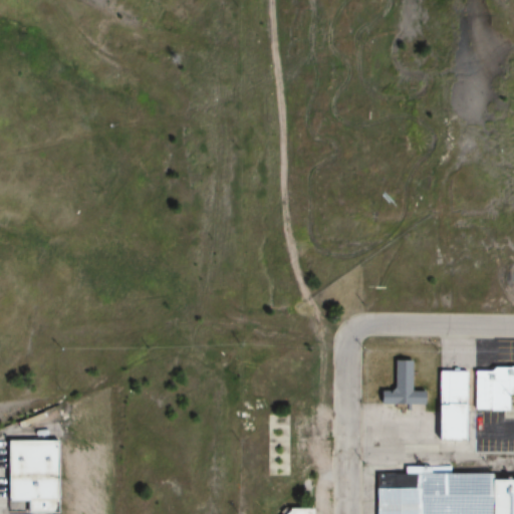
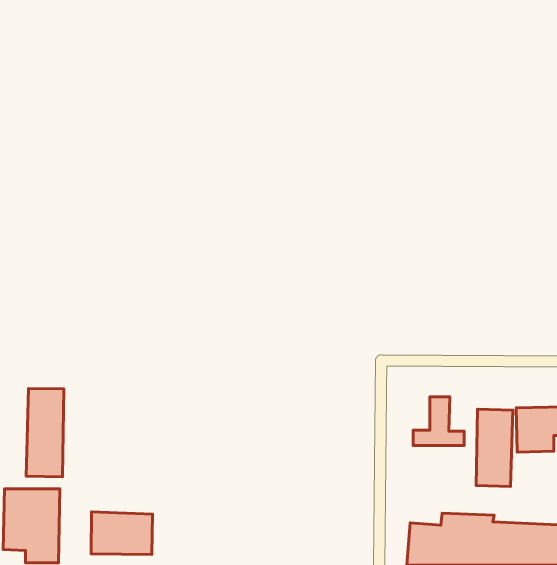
building: none -> [26,388,64,477]
building: none -> [91,512,152,555]

